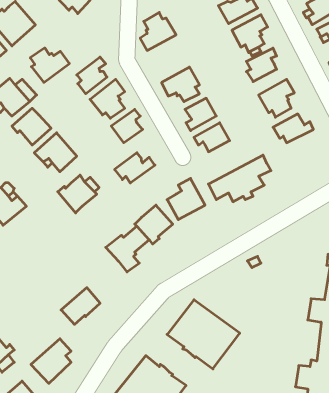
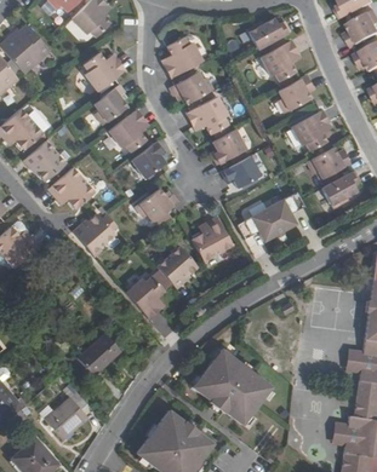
building: none -> [168,73,212,104]
building: [30,48,69,82] -> [82,53,125,91]
building: none -> [320,171,359,208]

